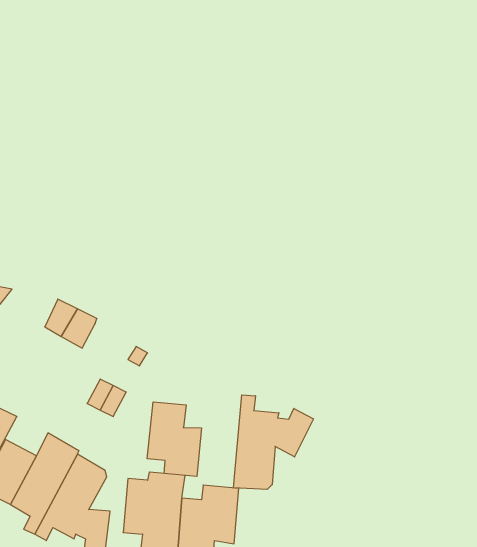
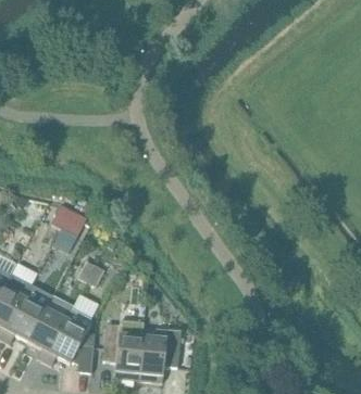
building: [234,395,313,489] -> none
building: [147,402,201,476] -> none

